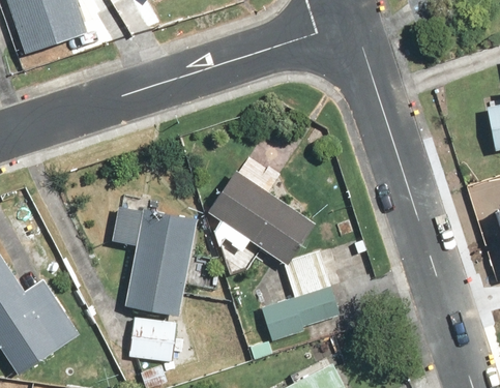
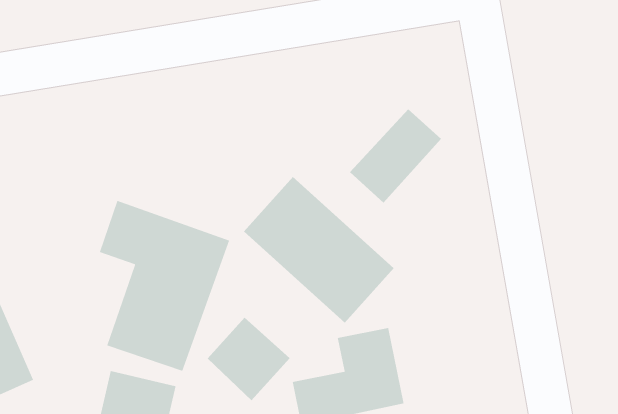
building: none -> [349,109,442,204]
building: none -> [207,317,291,401]

